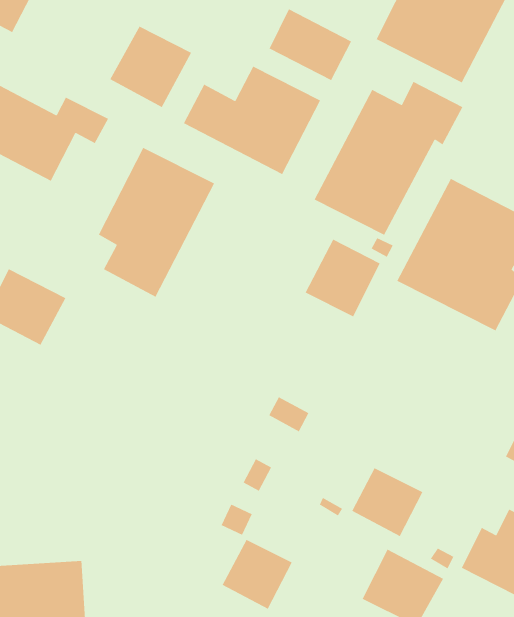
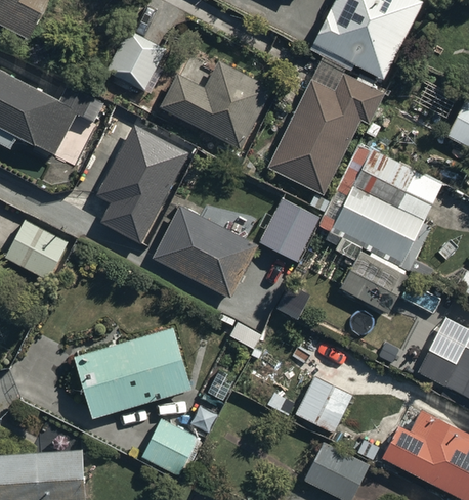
building: [269,8,352,81] -> none
building: none -> [150,204,256,296]
building: none -> [341,254,409,313]
building: none -> [73,328,193,420]
building: [222,539,293,610] -> [141,419,198,475]

